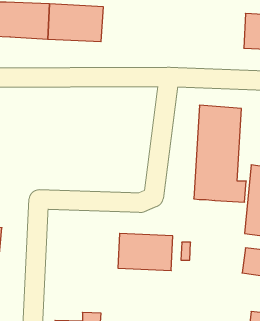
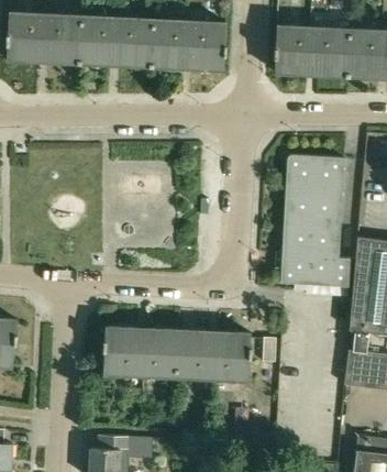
building: none -> [153,20,225,70]
building: none -> [275,25,350,76]
building: none -> [102,326,178,376]

